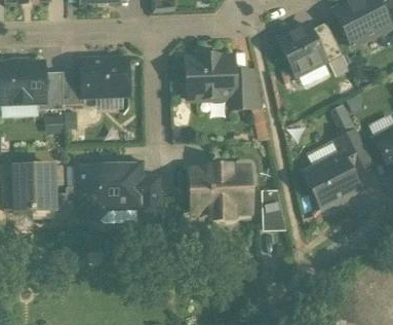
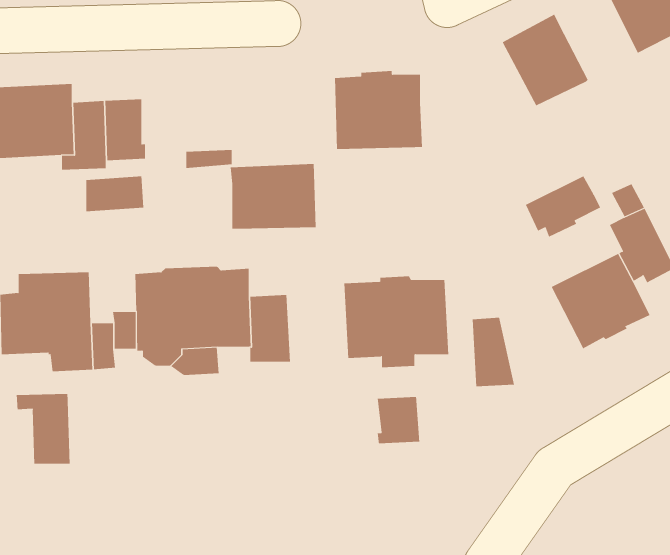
building: [309,22,342,63] -> none
building: [80,59,127,95] -> [230,163,316,229]
building: [230,70,262,108] -> none
building: none -> [525,175,601,237]
building: none -> [16,393,70,465]
building: none -> [377,396,420,444]

